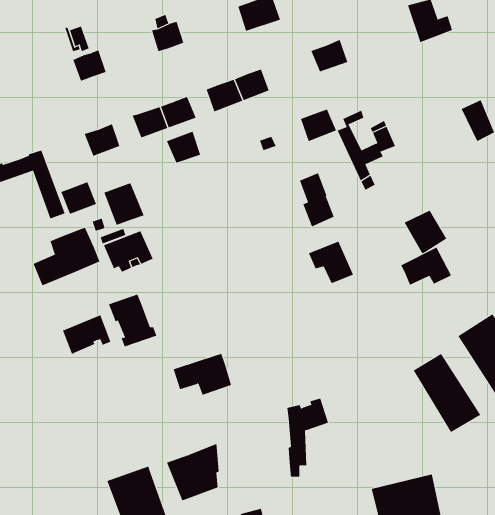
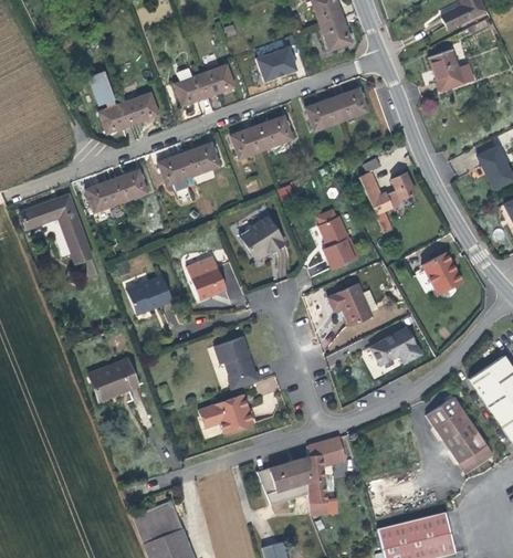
building: none -> [200,62,233,93]
building: none -> [124,91,157,122]
building: [300,109,337,142] -> [303,101,338,133]
building: [166,131,201,163] -> none
building: none -> [239,219,285,264]
building: [60,182,97,215] -> [83,181,118,213]
building: [104,182,145,226] -> [188,259,228,301]
building: [33,227,100,286] -> none
building: [400,247,452,286] -> [371,327,421,365]
building: [108,294,157,347] -> [216,339,263,391]
building: [166,443,220,501] -> [258,457,310,514]

